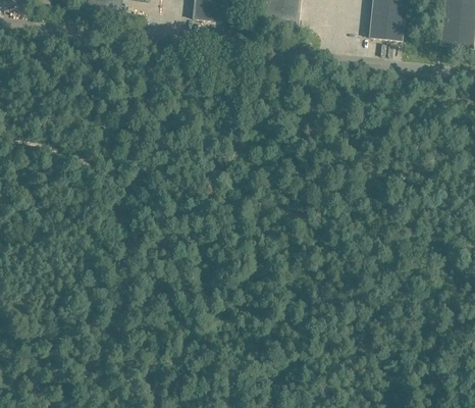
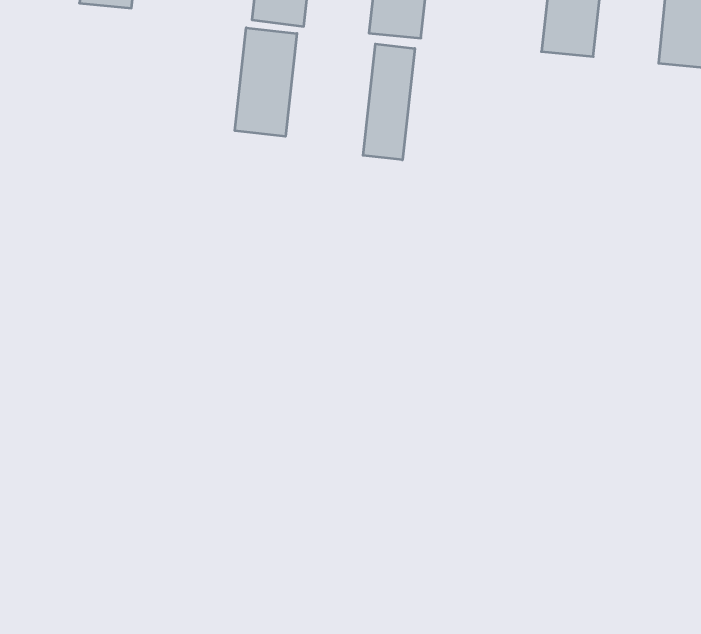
building: none -> [235,28,297,136]
building: none -> [363,44,415,160]

